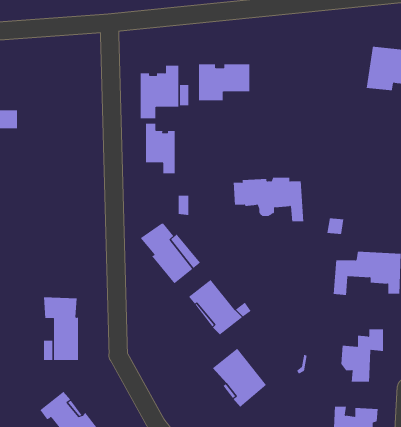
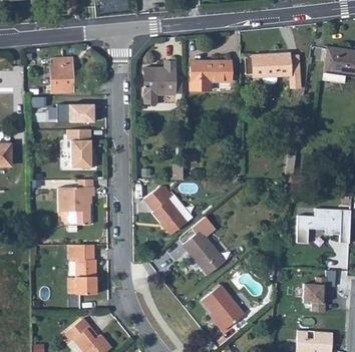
building: none -> [50,58,74,94]
building: none -> [56,104,94,120]
building: [145,123,175,174] -> none
building: none -> [66,129,93,167]
building: [233,177,304,222] -> [245,53,301,88]
building: none -> [59,180,95,225]

